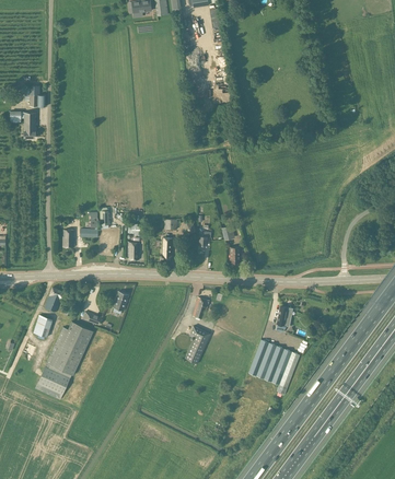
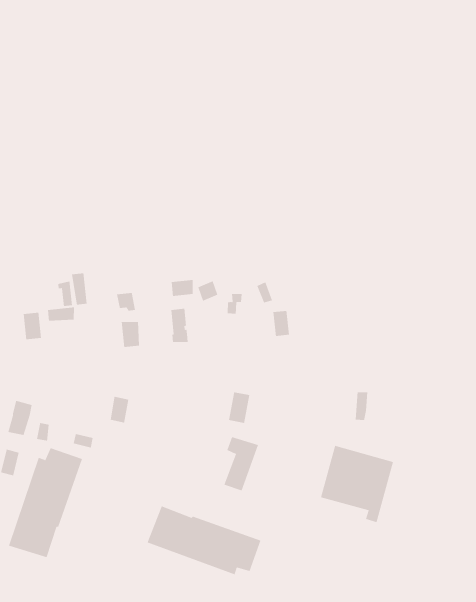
building: none -> [147,505,261,575]

